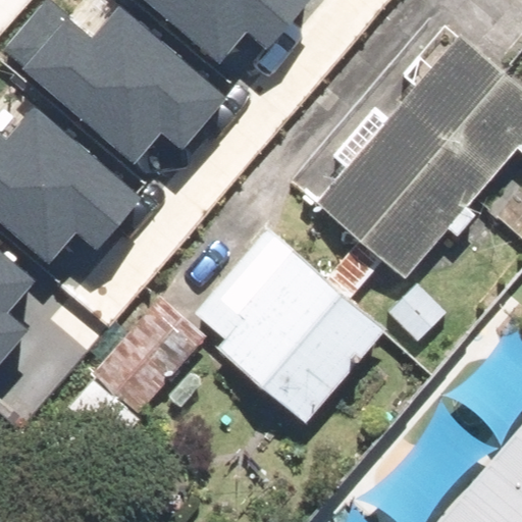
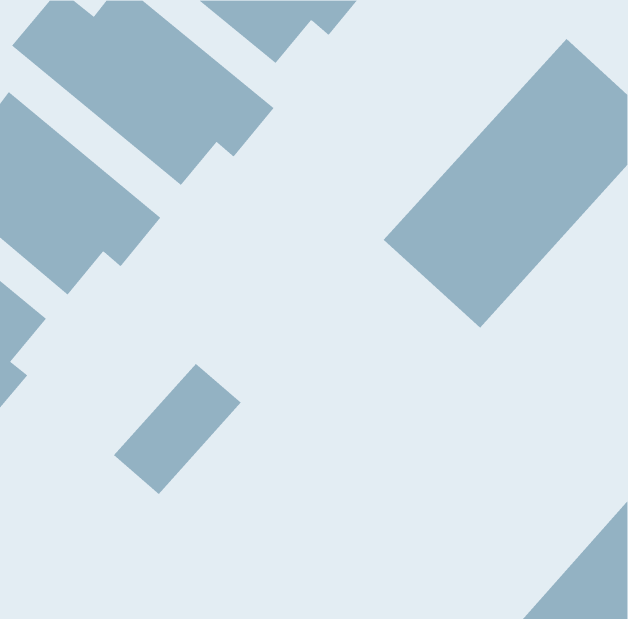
building: [213,259,379,425] -> none

